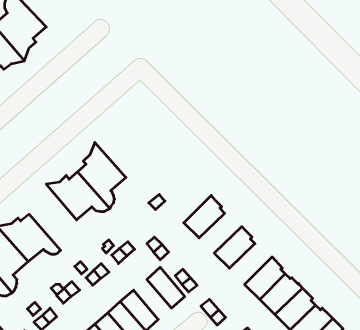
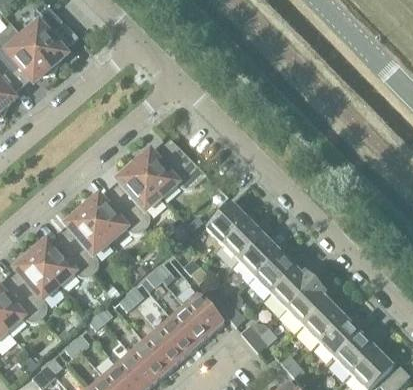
building: none -> [128,140,206,197]
building: none -> [205,201,251,245]
building: none -> [59,204,109,274]
building: none -> [238,235,283,277]
building: none -> [270,267,315,310]
building: none -> [169,305,209,347]

